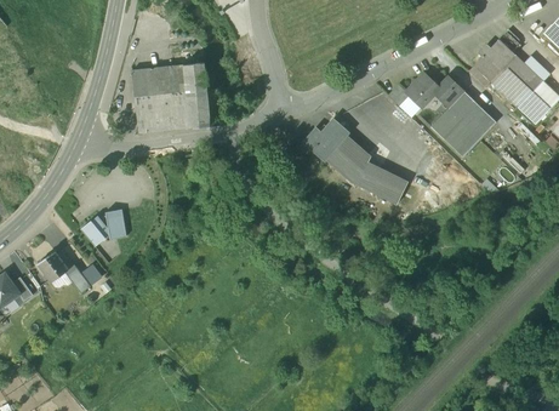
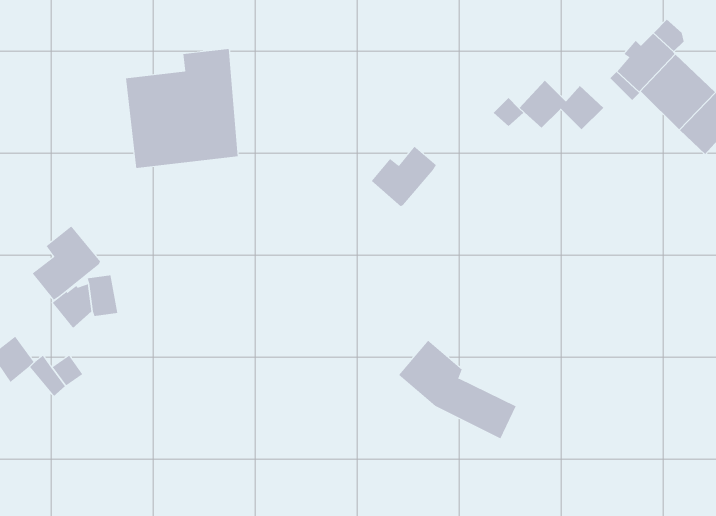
building: [430,92,496,156] -> none
building: [325,136,407,205] -> [398,340,517,439]
building: none -> [32,226,101,300]

